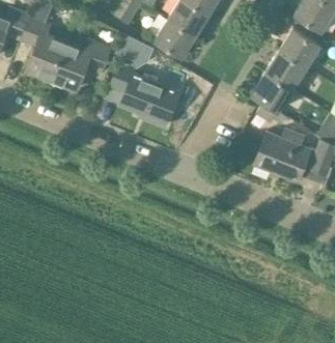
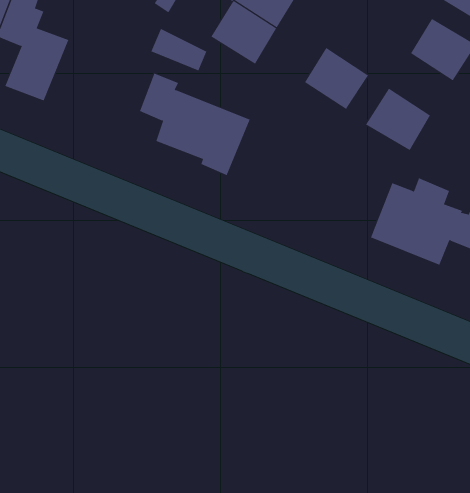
building: [51,41,111,91] -> none
building: [266,51,306,90] -> [304,47,369,110]

